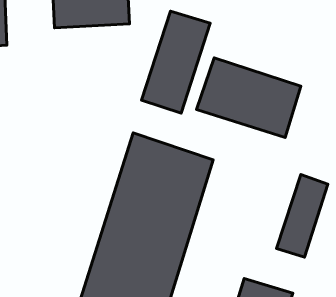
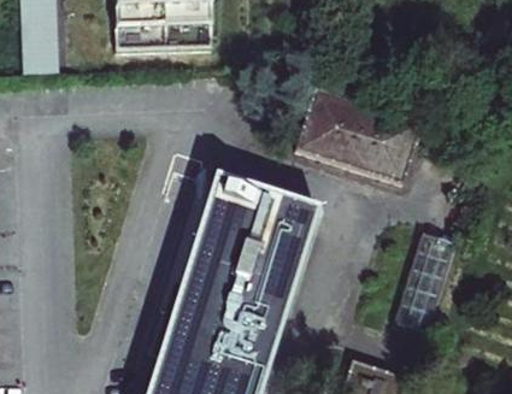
building: [142,11,210,113] -> none

